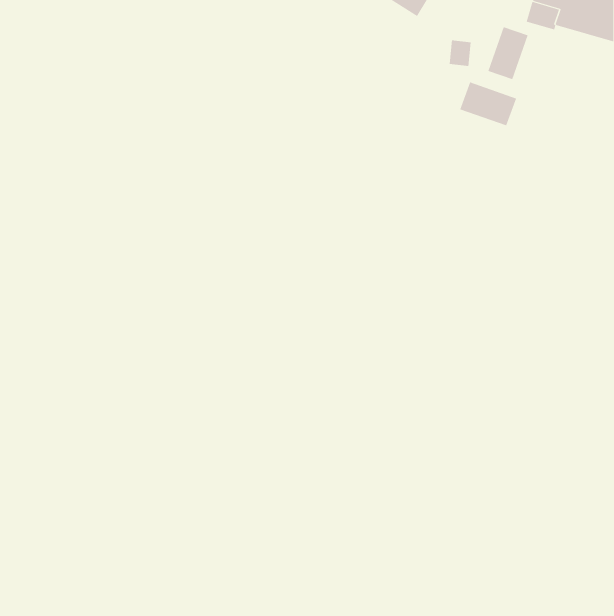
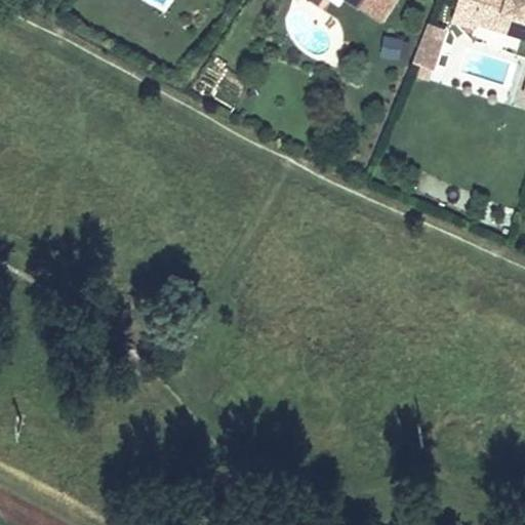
building: [459,82,517,126] -> none

